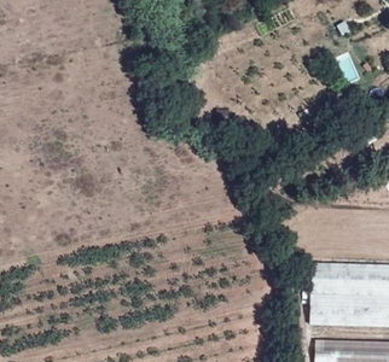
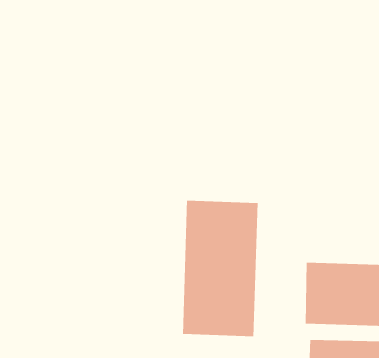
building: none -> [182,200,258,337]

